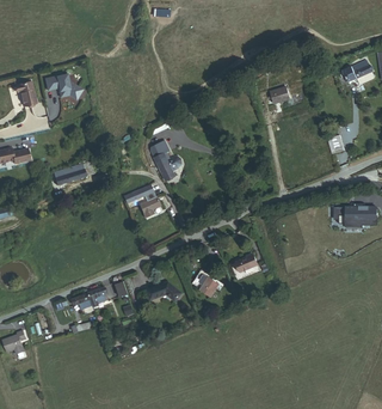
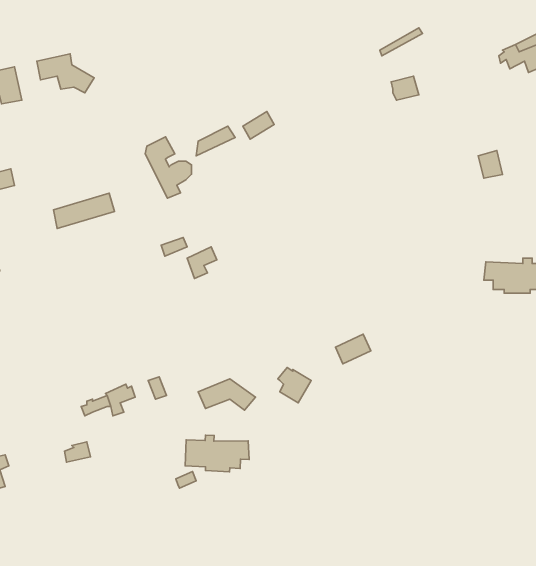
building: [152,141,181,181] -> [145,137,192,198]
building: none -> [185,435,249,472]

